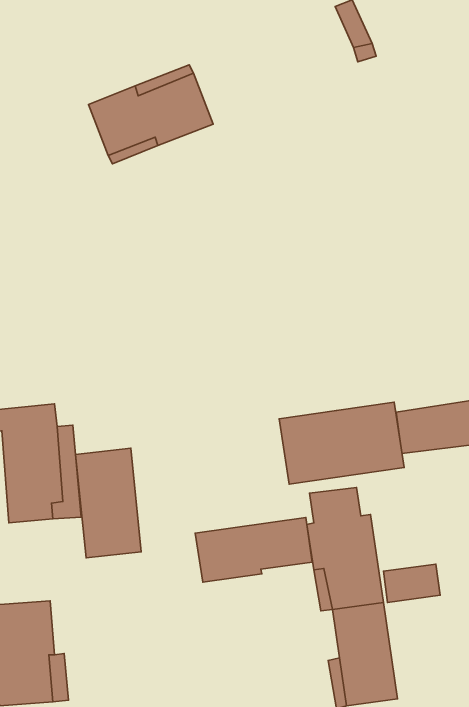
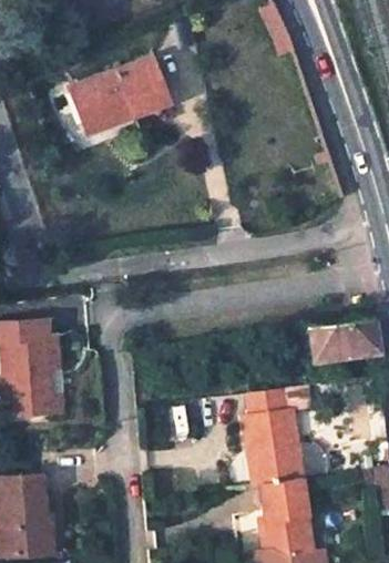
building: [279,402,404,484] -> none
building: [75,448,141,558] -> none
building: [195,517,312,582] -> none

